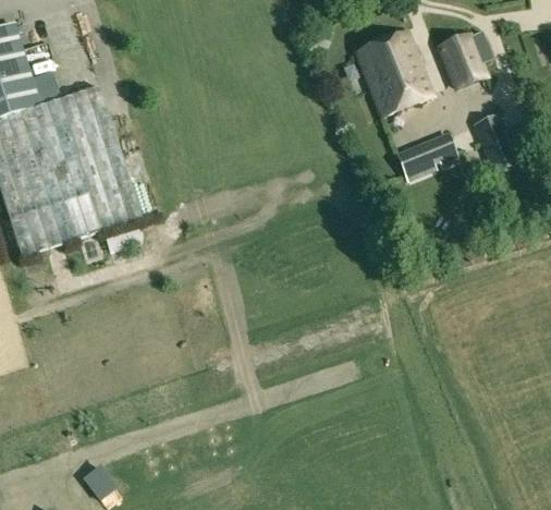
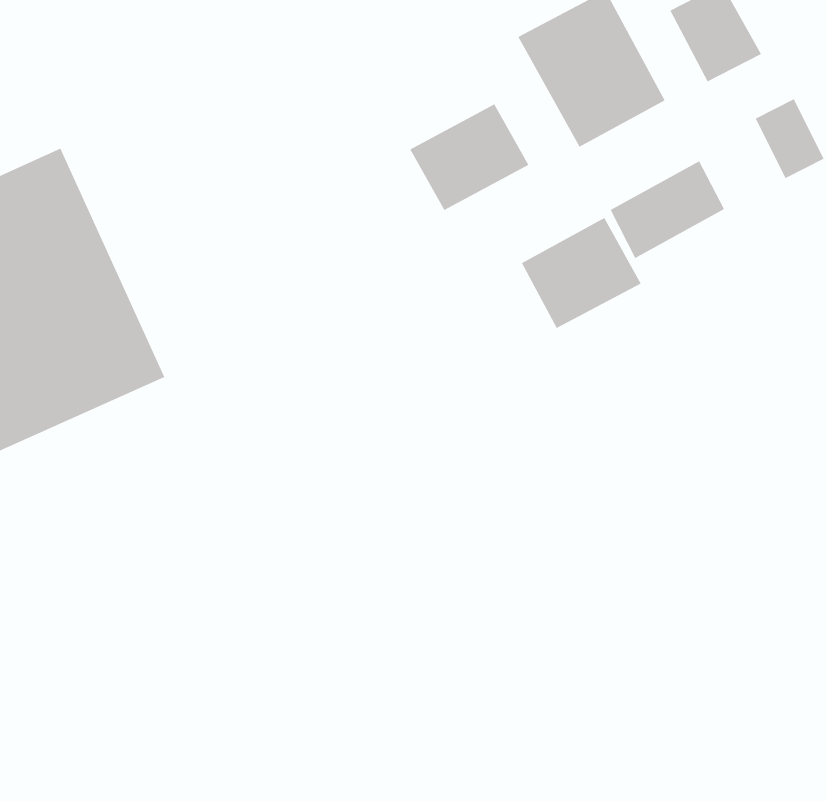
building: none -> [410,104,529,211]
building: none -> [521,217,641,329]

